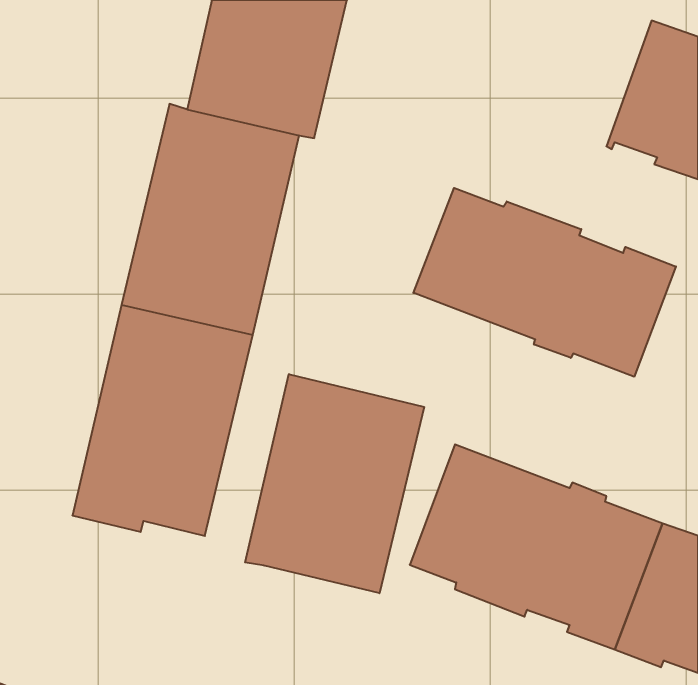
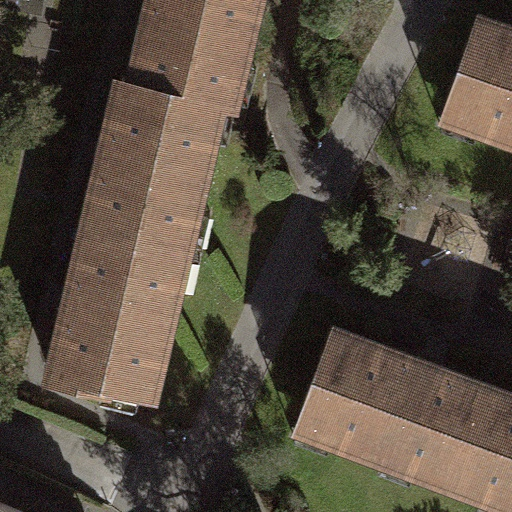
building: [413,188,676,377] -> none
building: [245,374,424,593] -> none

